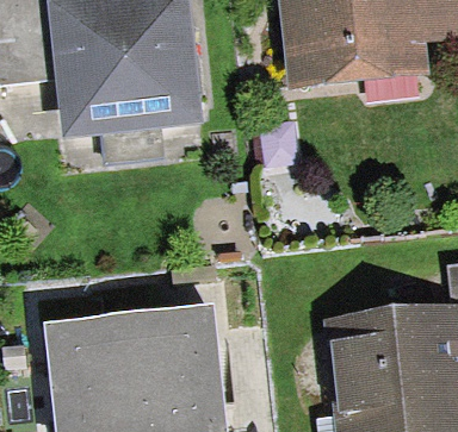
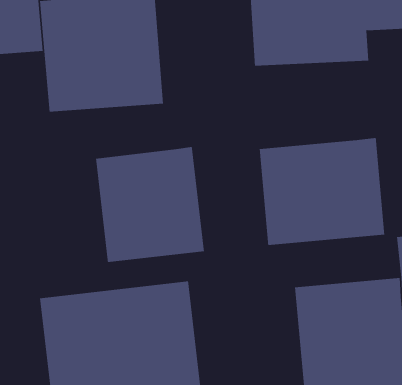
building: none -> [259,137,385,246]
building: none -> [95,146,204,263]

